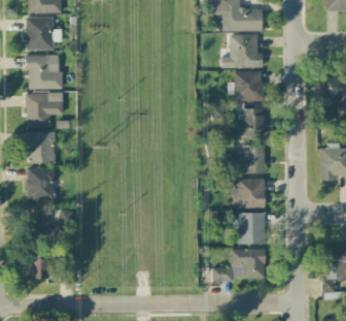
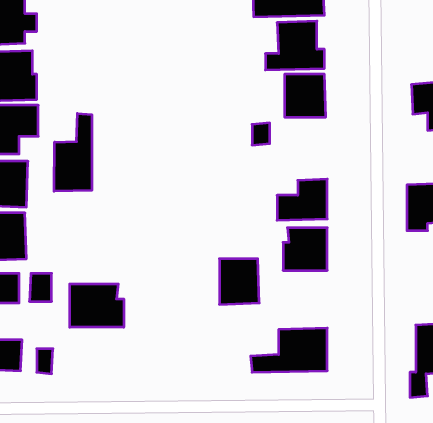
building: none -> [54,113,92,191]
building: [231,108,264,136] -> none
building: [238,213,266,245] -> [219,259,259,304]
building: none -> [70,284,124,327]

